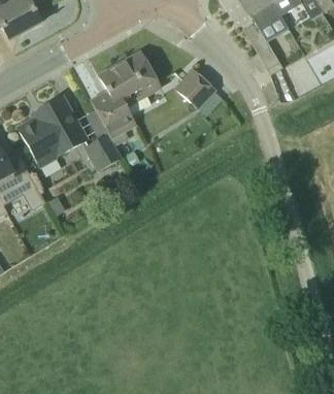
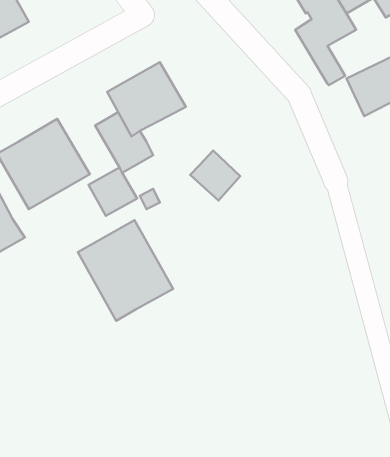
building: [176,69,214,107] -> [190,150,240,200]
building: none -> [78,220,173,321]

